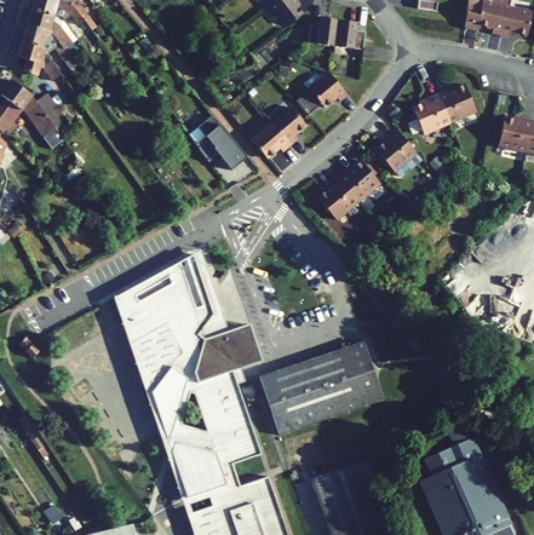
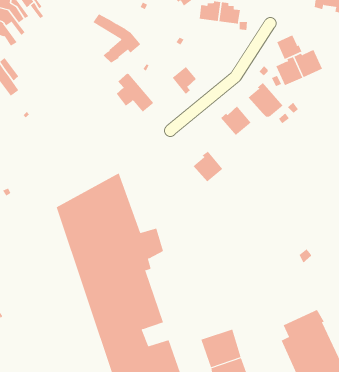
building: none -> [93,13,141,63]
building: none -> [276,35,302,60]
building: [295,71,348,114] -> none
building: [252,122,289,156] -> none
building: [316,177,357,219] -> [193,151,223,182]
building: [259,341,384,436] -> none

